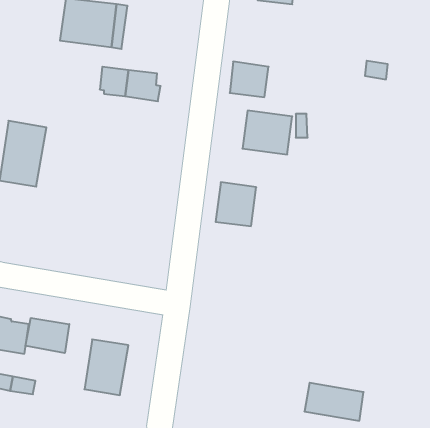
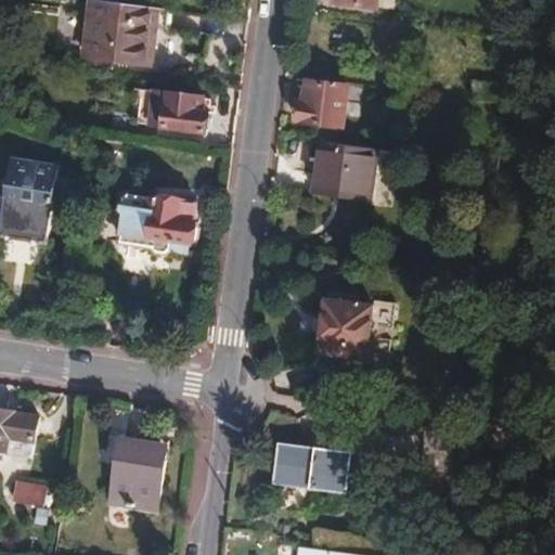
building: none -> [120,193,198,253]
building: [216,182,256,226] -> [319,302,371,359]
building: [26,318,69,353] -> none
building: [304,383,364,421] -> [270,443,346,492]

